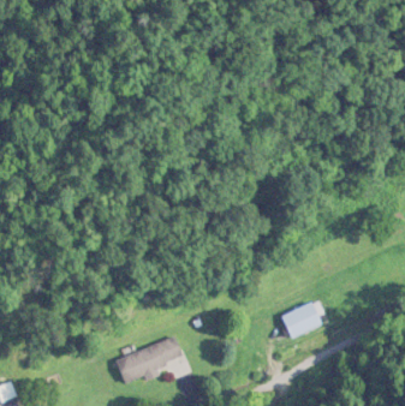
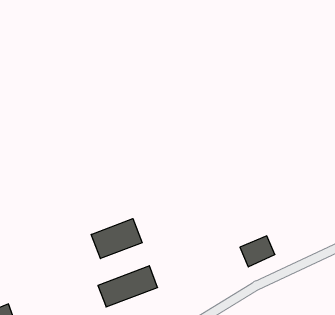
building: none -> [91,219,142,259]

